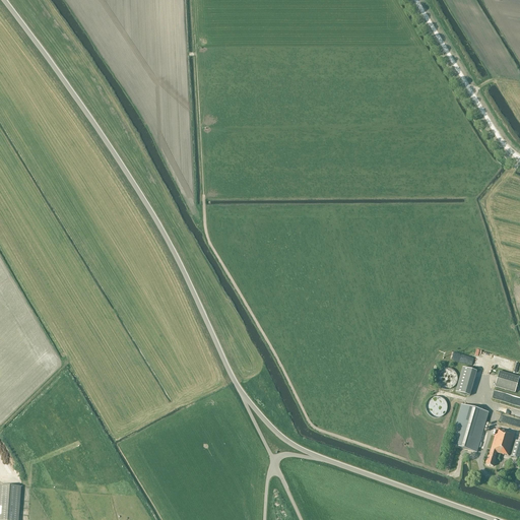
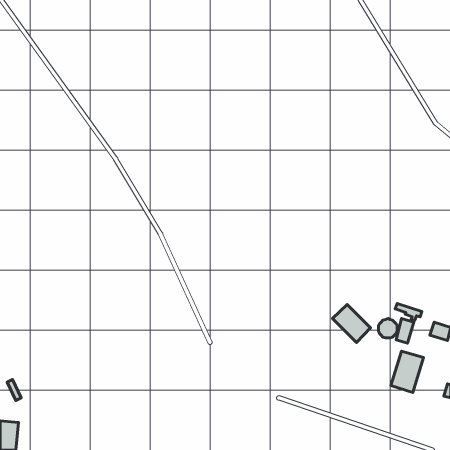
building: none -> [333,305,371,342]
building: [486,429,515,466] -> none

